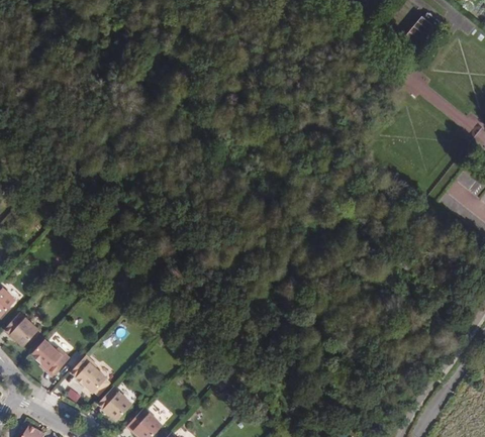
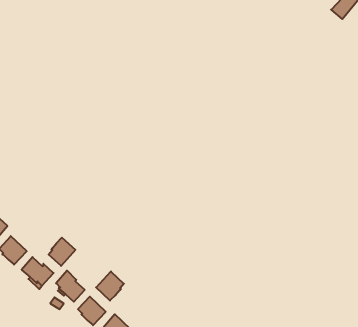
building: none -> [49,238,75,266]
building: none -> [96,271,124,301]

